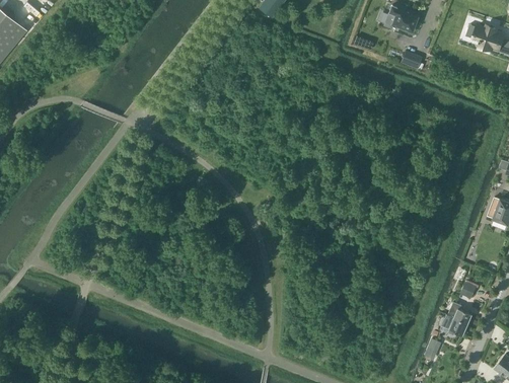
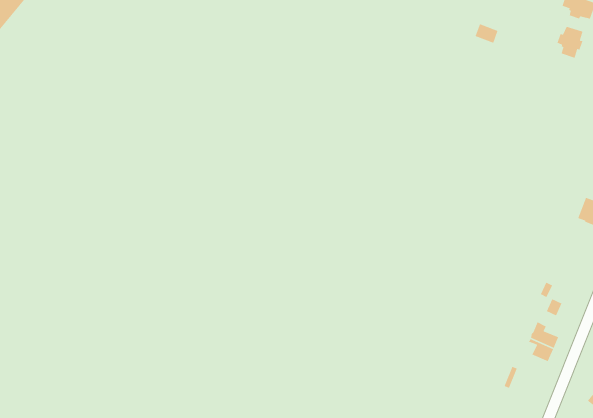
building: none -> [557,26,584,59]

